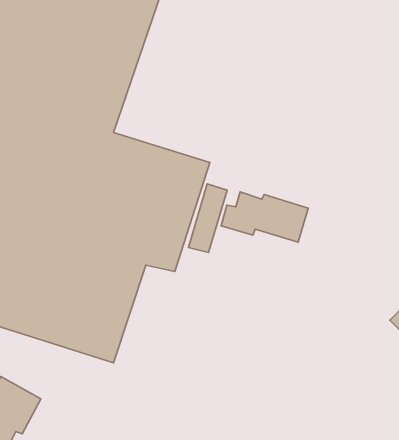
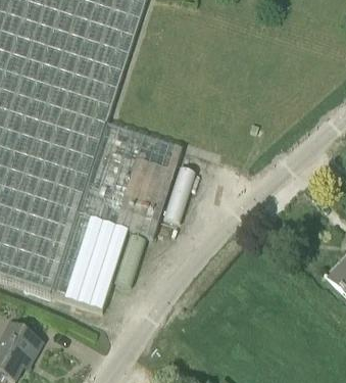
building: [221,192,308,242] -> none

